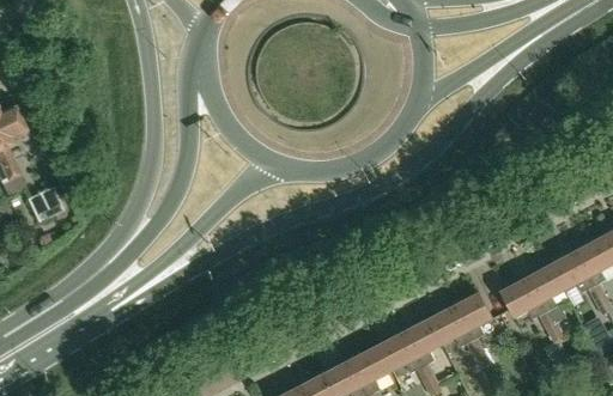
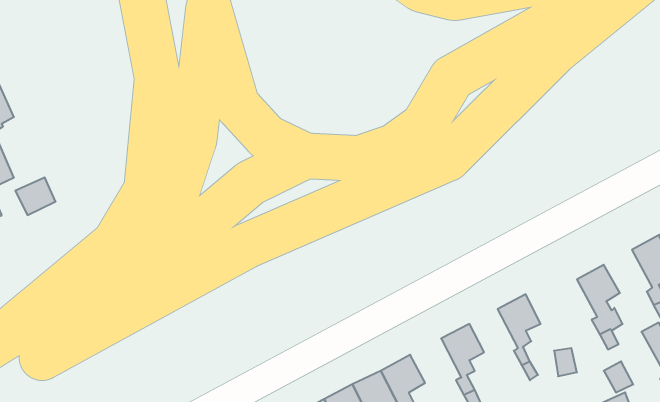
building: [548,251,591,292] -> none
building: [499,278,542,318] -> none
building: [429,304,472,346] -> none
building: [376,330,421,372] -> none

